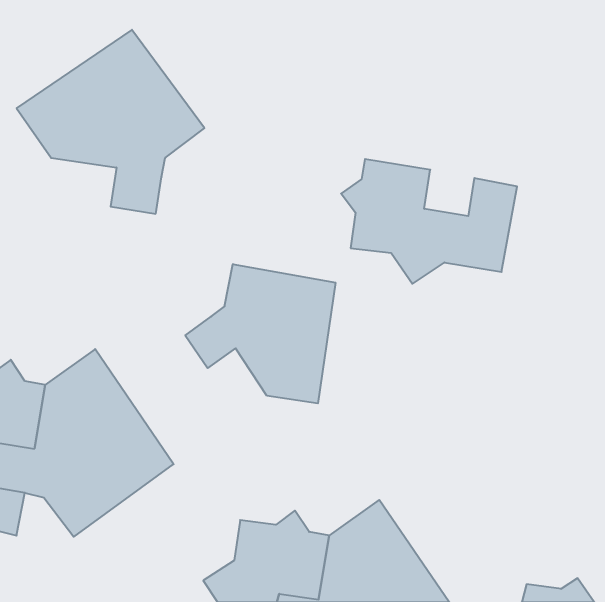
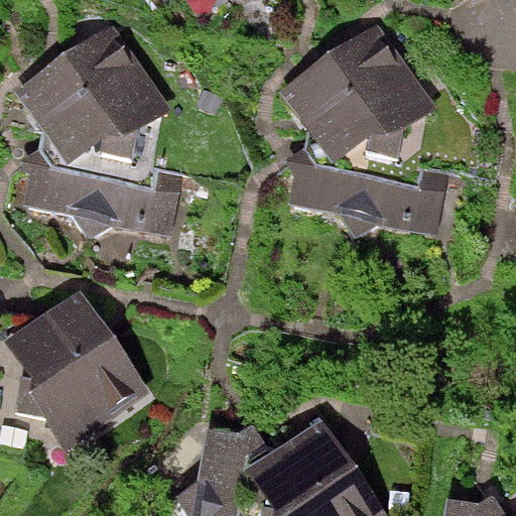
building: none -> [279,26,438,183]
building: none -> [23,134,172,240]
building: [185,264,335,403] -> none

